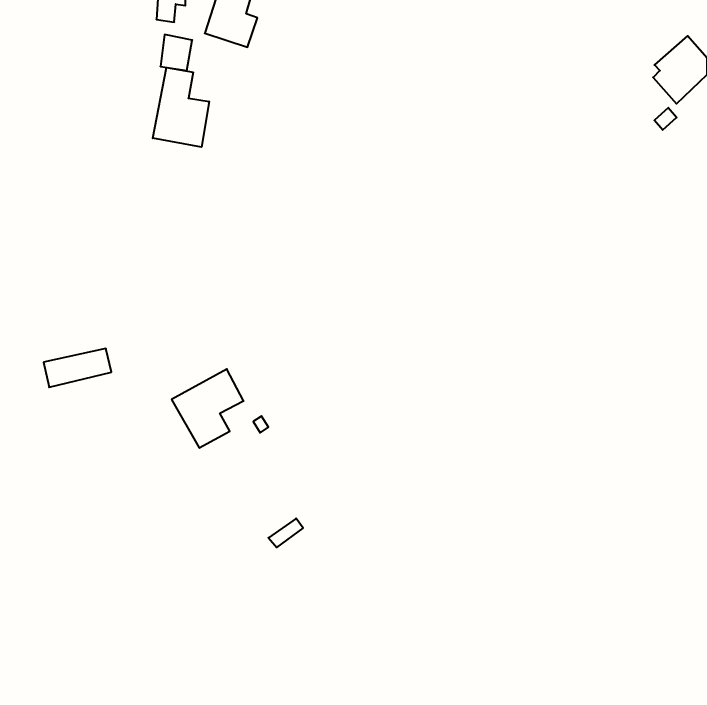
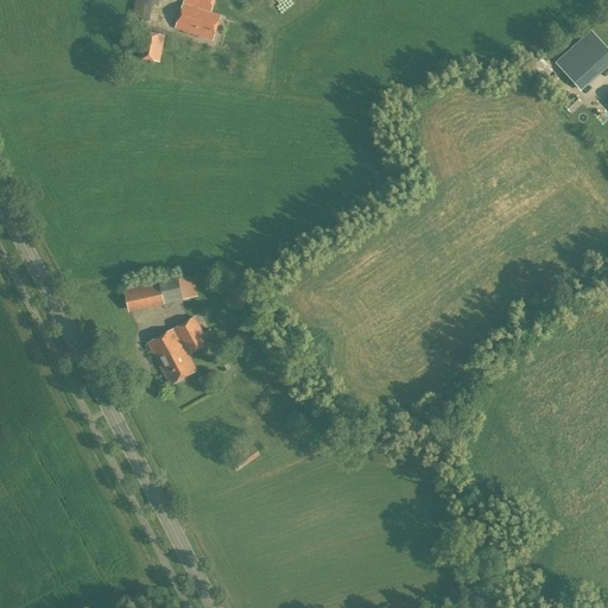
building: [153,68,209,147] -> none
building: [44,349,111,387] -> [124,277,182,310]

